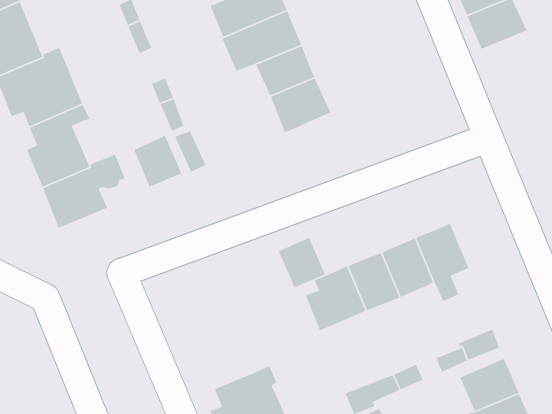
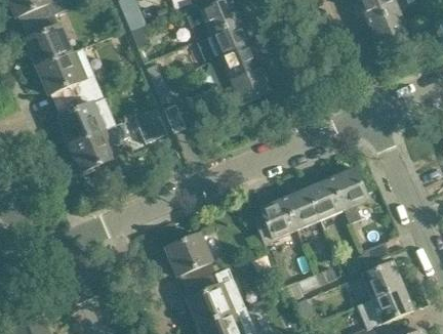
building: [278,237,326,289] -> none
building: none -> [165,233,216,283]

